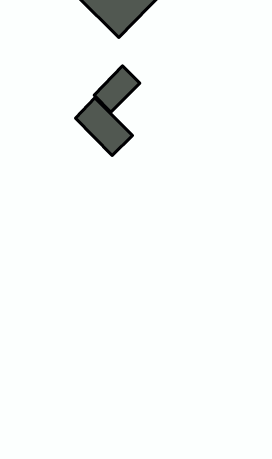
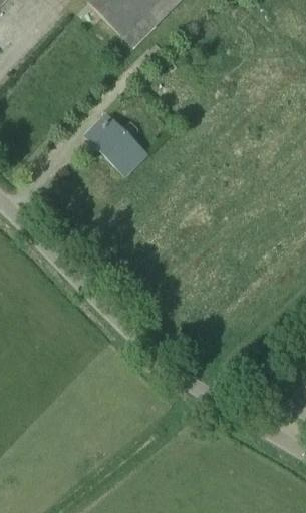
building: [94,66,140,112] -> none

